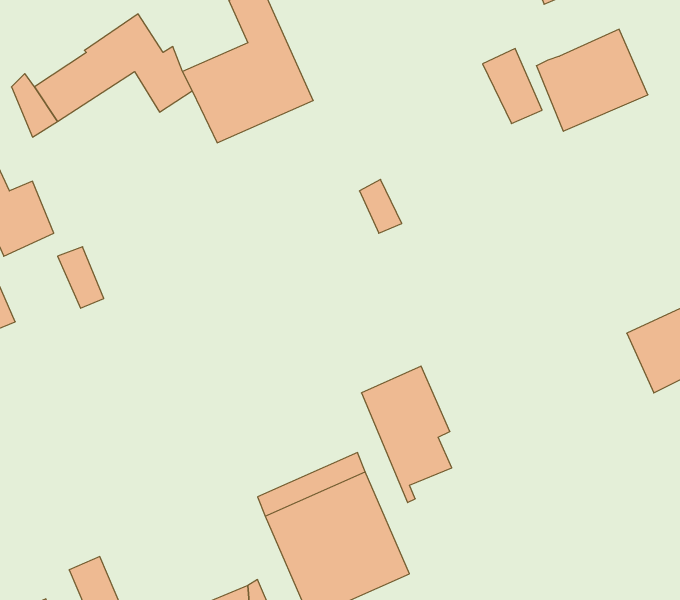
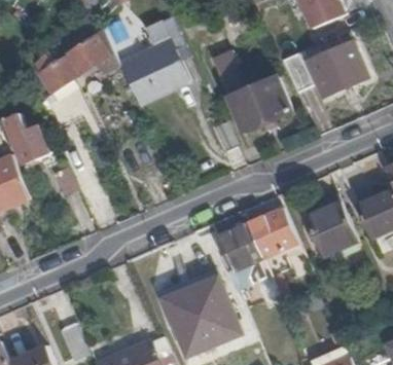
building: none -> [212,50,292,132]
building: none -> [308,203,358,256]
building: none -> [247,207,298,257]

